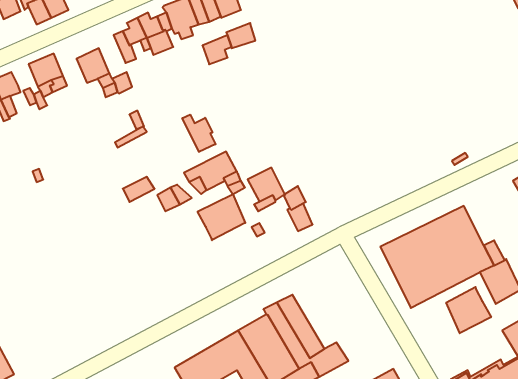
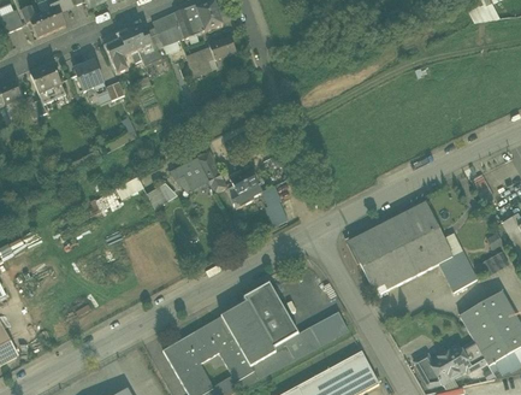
building: [182,115,216,152] -> none
building: [198,194,245,240] -> none
building: [446,287,491,333] -> none
building: none -> [309,311,348,343]

